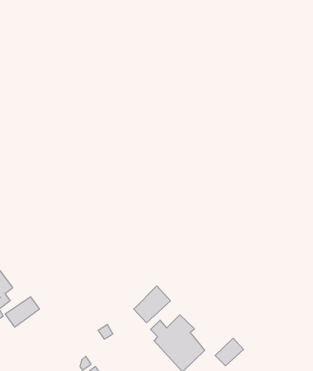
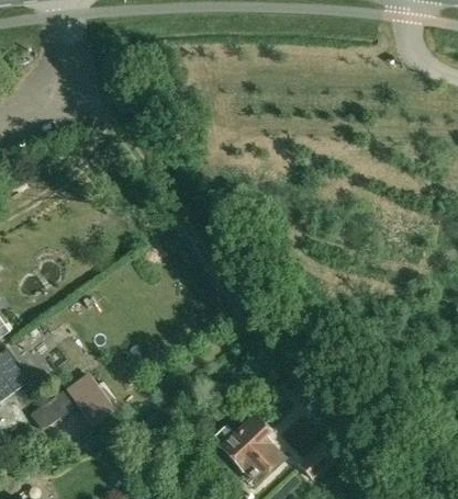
building: none -> [65,374,115,428]
building: [134,286,170,323] -> none

